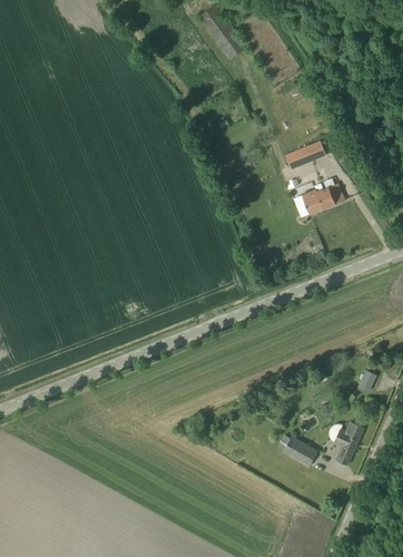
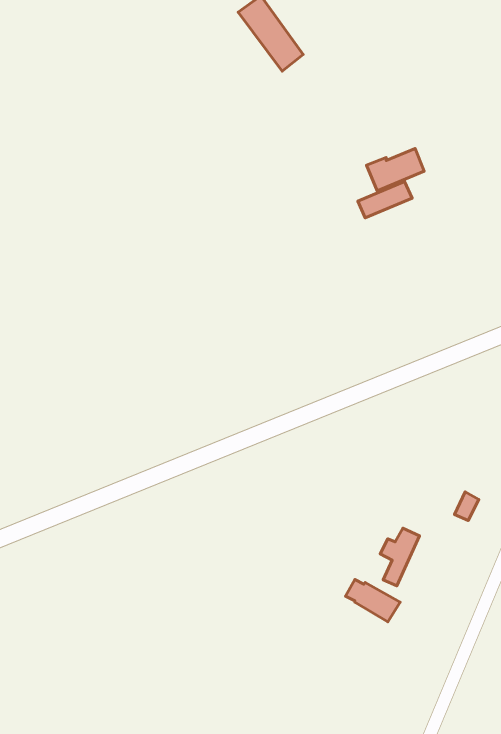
building: [302,182,344,213] -> [367,148,424,191]
building: [334,421,363,463] -> [380,528,420,586]

